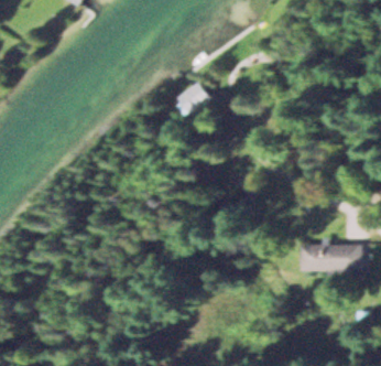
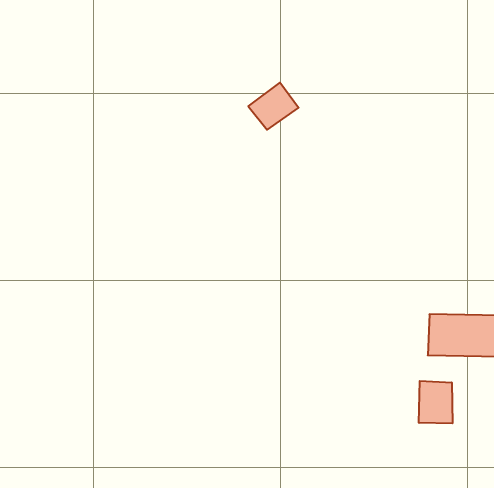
building: none -> [419,381,452,423]

